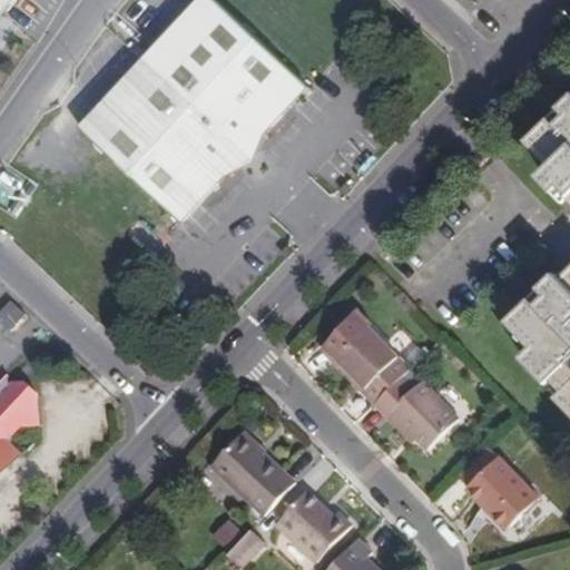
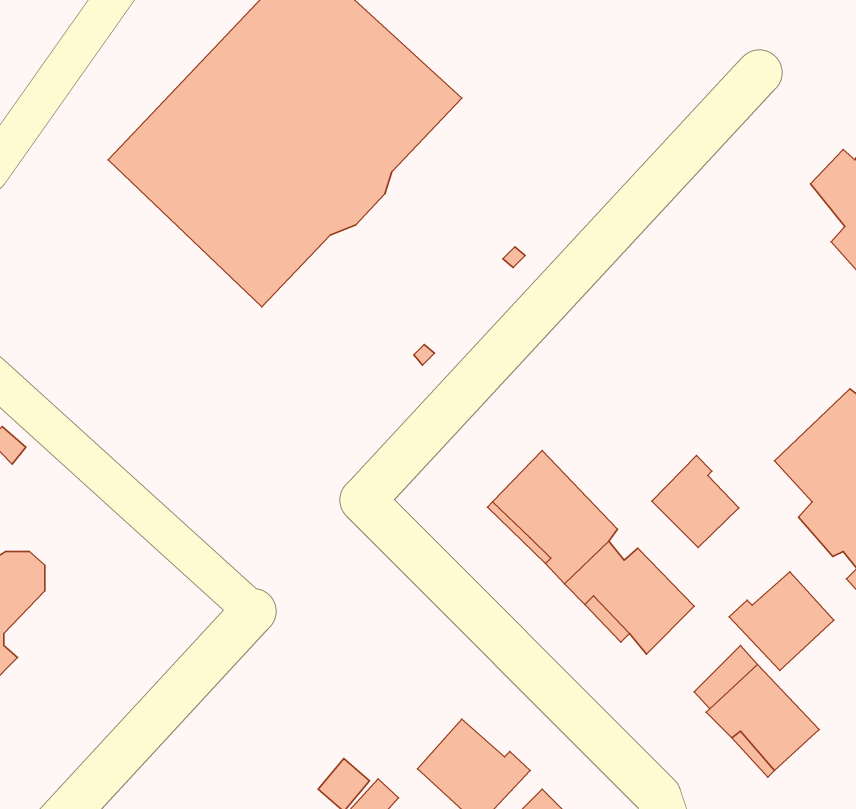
building: none -> [652,456,739,548]
building: none -> [729,572,834,671]
building: [212,434,296,515] -> none

